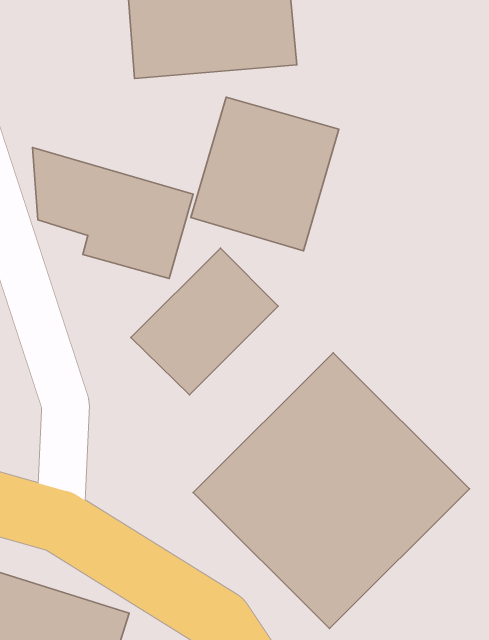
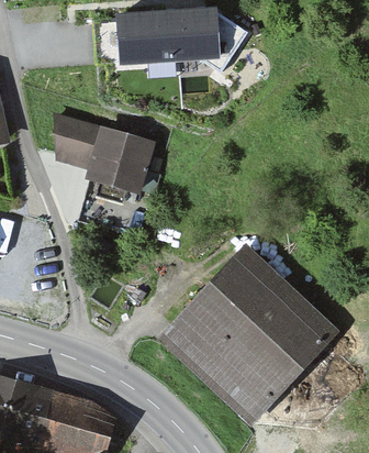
building: [191,97,339,251] -> none
building: [131,248,278,395] -> none

